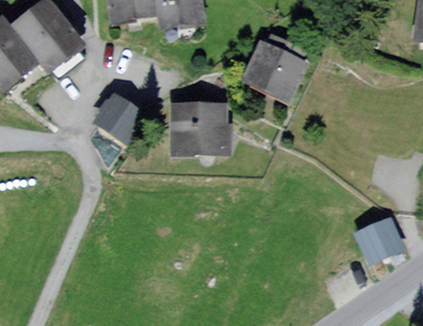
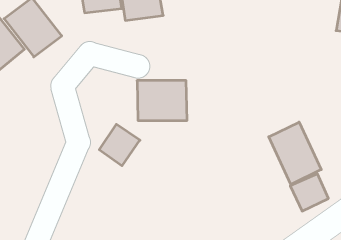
building: [245,40,309,102] -> none
building: [94,92,144,142] -> [99,124,140,166]
building: none -> [269,122,321,184]

